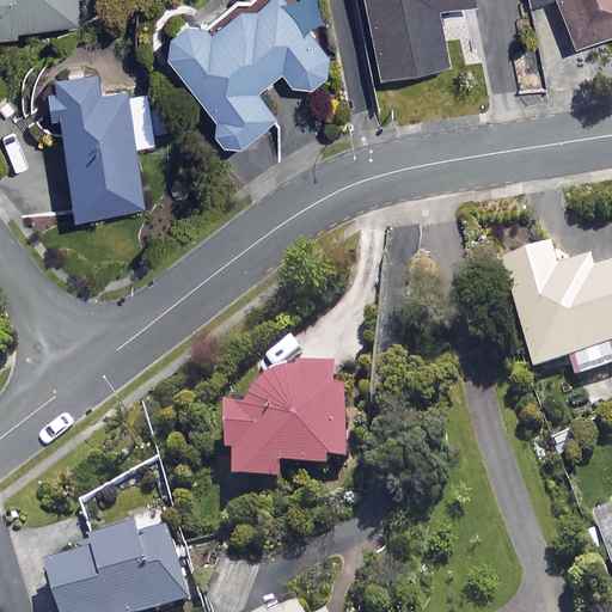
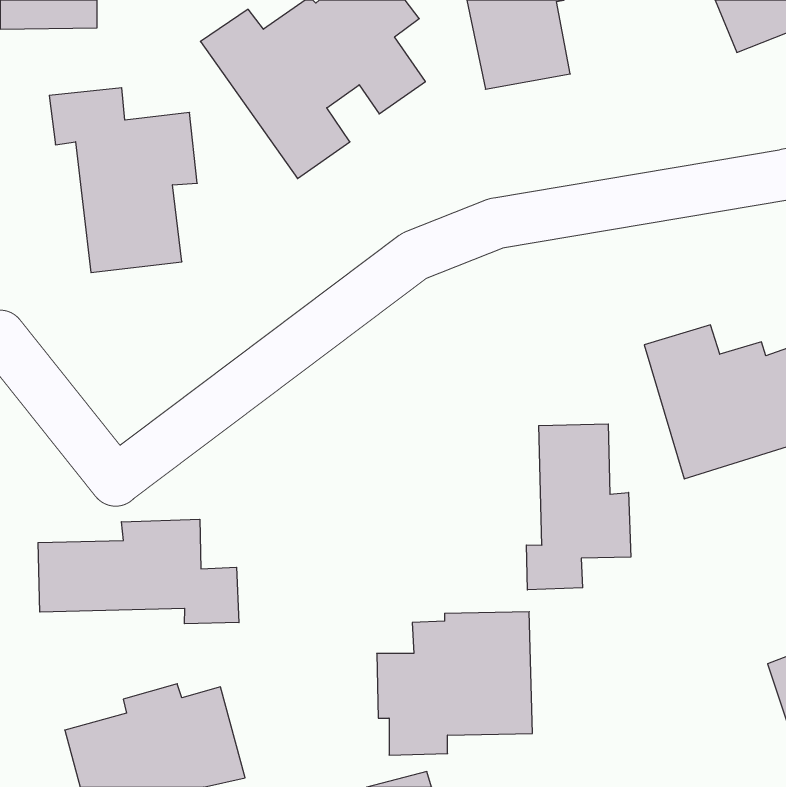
building: none -> [526,424,631,590]
building: [228,372,349,483] -> [377,612,532,755]
building: none -> [38,519,239,624]

